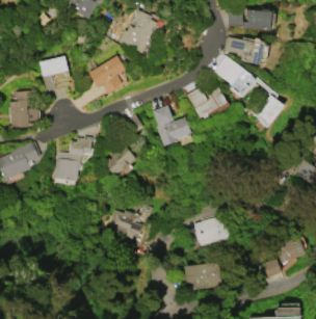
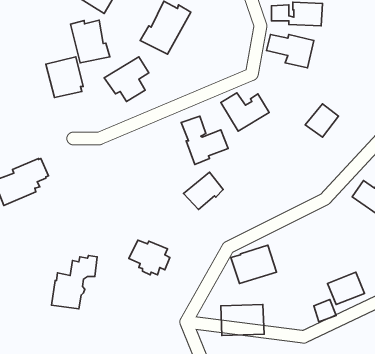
building: none -> [70,20,110,63]
building: [214,55,252,97] -> none
building: [10,90,40,128] -> none
building: [54,136,93,181] -> [51,256,97,309]
building: [103,143,136,175] -> [183,172,223,209]

